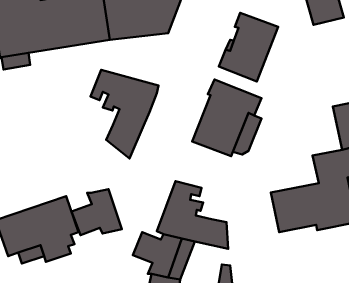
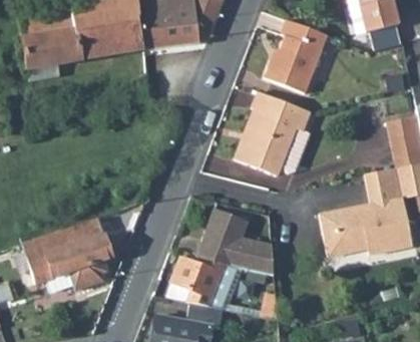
building: [91,70,159,159] -> none
building: [71,189,122,235] -> none

